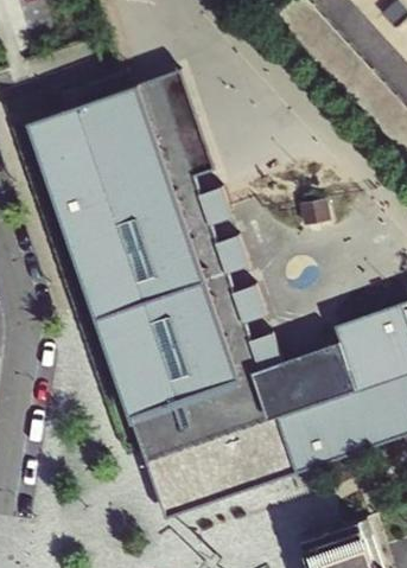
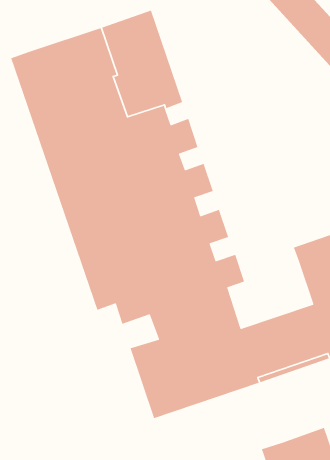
building: [259,342,350,414] -> none
building: [116,388,183,518] -> none

